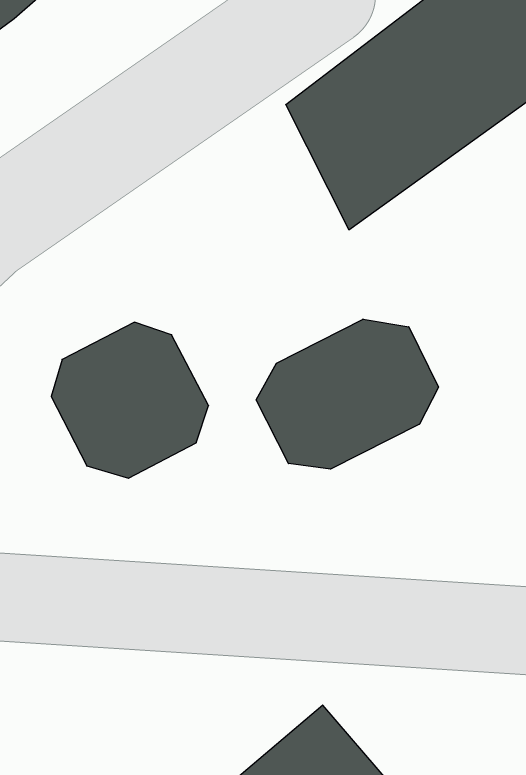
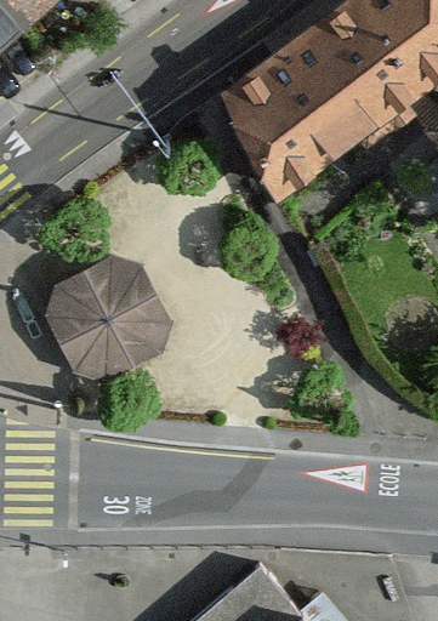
building: [256,319,439,469] -> none

